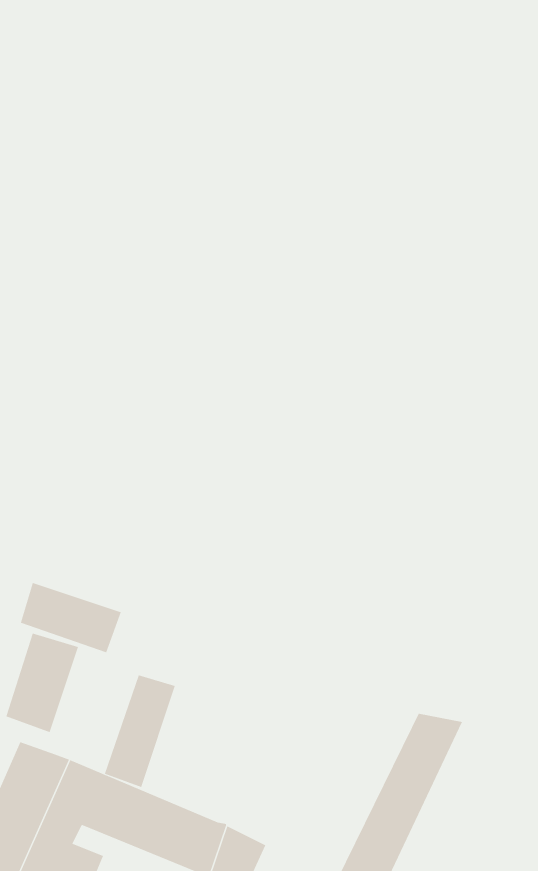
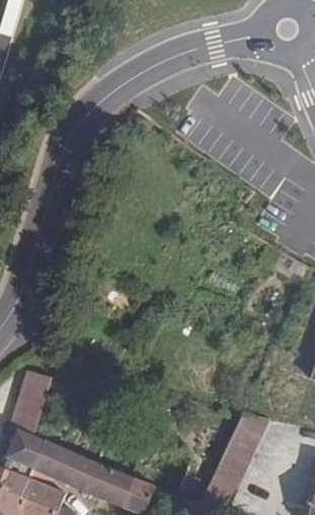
building: [20,582,122,653] -> none
building: [104,674,176,788] -> none

